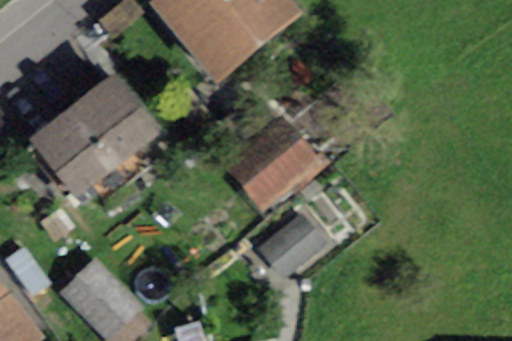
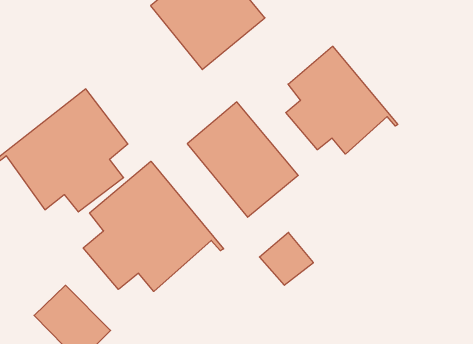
building: none -> [286,46,398,154]
building: none -> [83,161,224,291]

